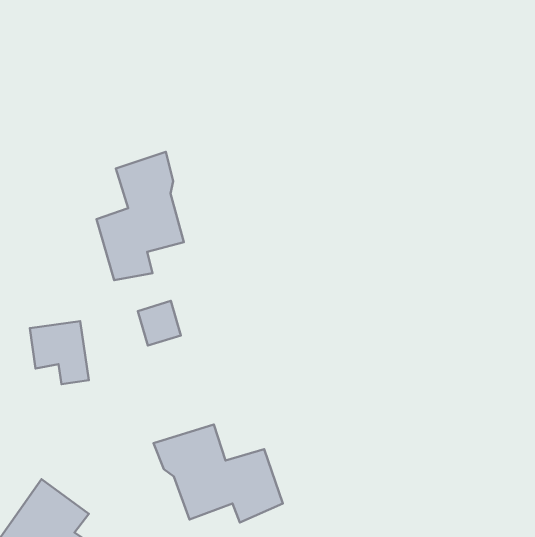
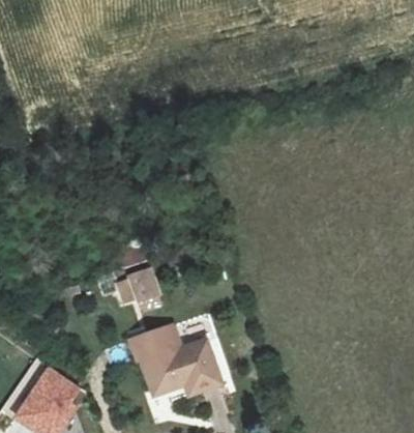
building: [96,152,184,280] -> none
building: [30,321,89,384] -> [117,271,159,317]

